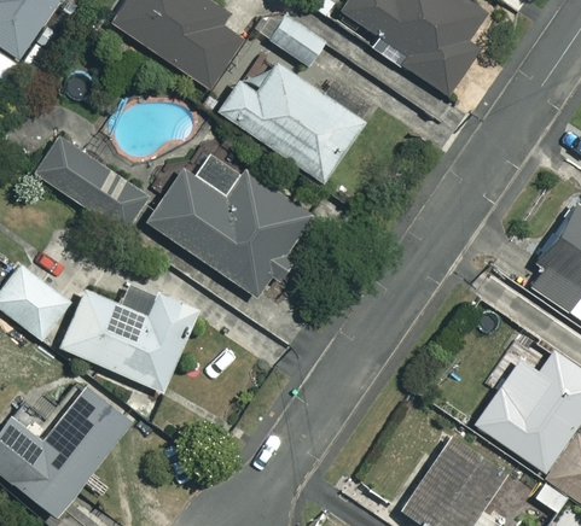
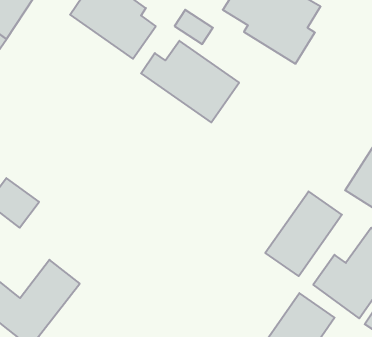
building: [37,138,146,230] -> none
building: [149,147,312,297] -> none
building: none -> [265,191,342,276]
building: [59,288,198,391] -> none

